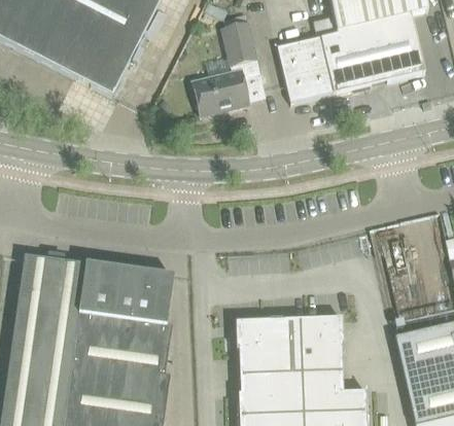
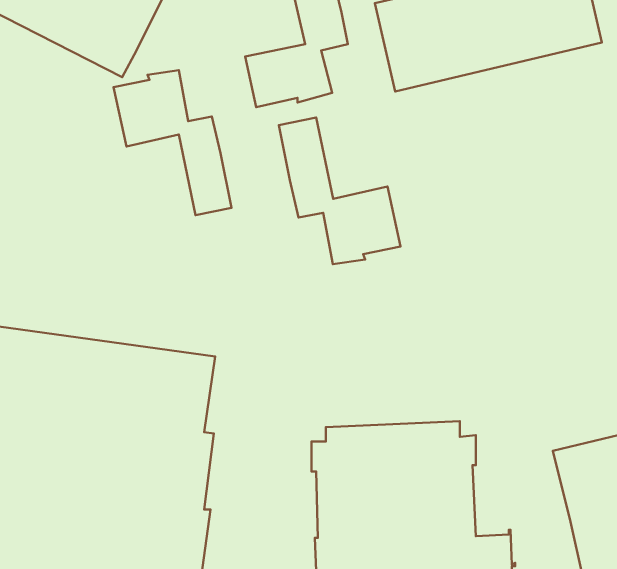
building: none -> [113,70,232,215]
building: none -> [279,118,401,264]

